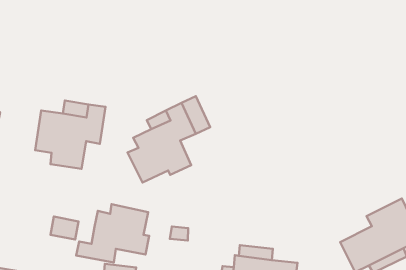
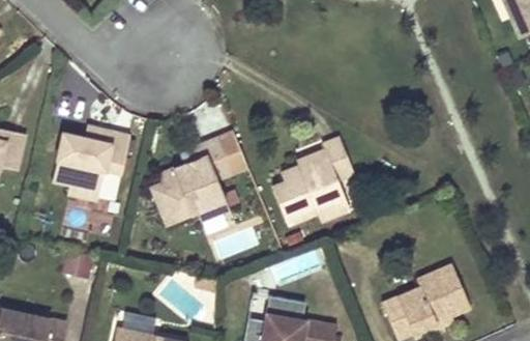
building: none -> [274,138,350,222]
building: [76,204,149,263] -> none

